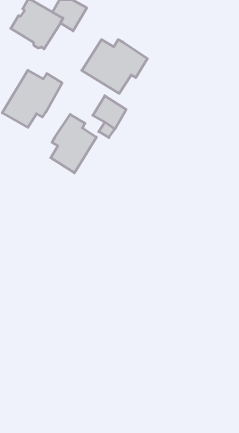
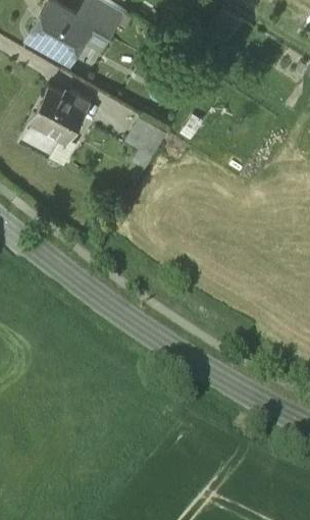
building: [82,40,147,93] -> none
building: [51,114,96,173] -> none

